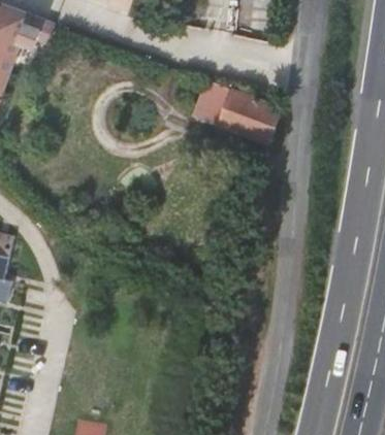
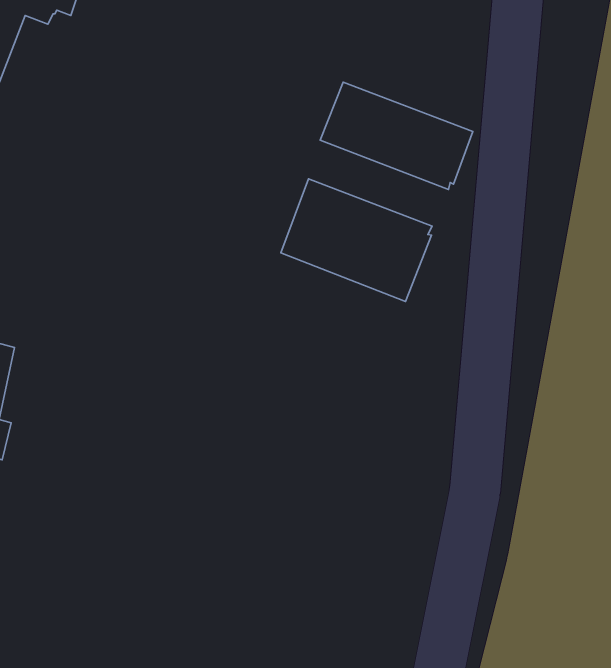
building: none -> [281,179,432,302]

